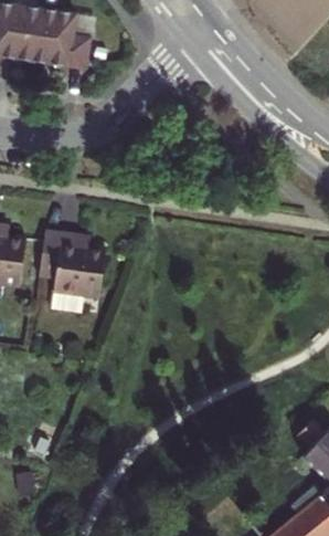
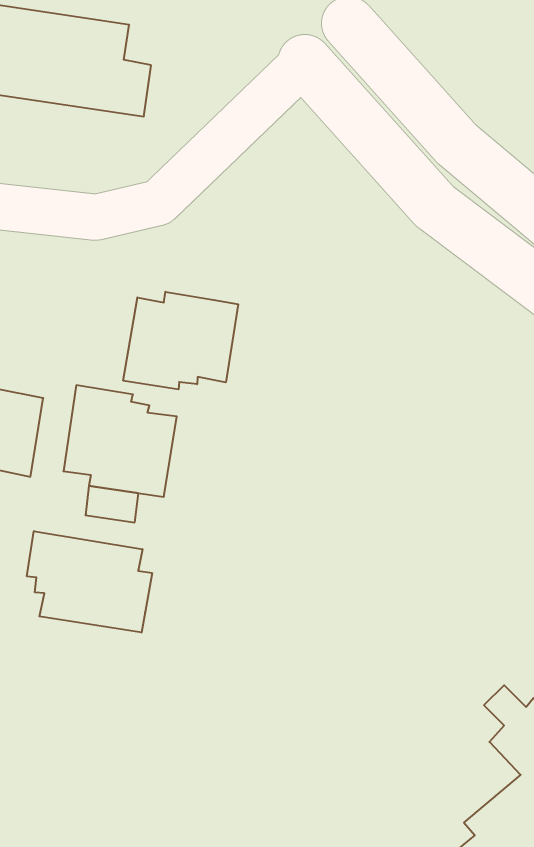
building: none -> [123,292,238,389]
building: none -> [27,531,152,633]

